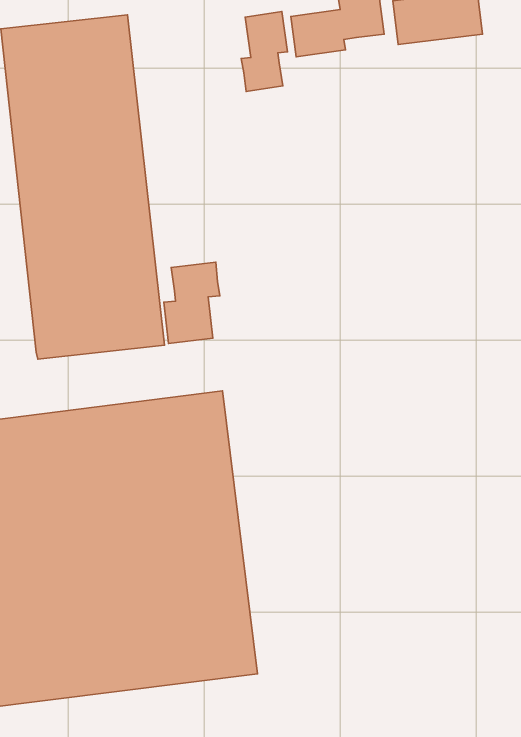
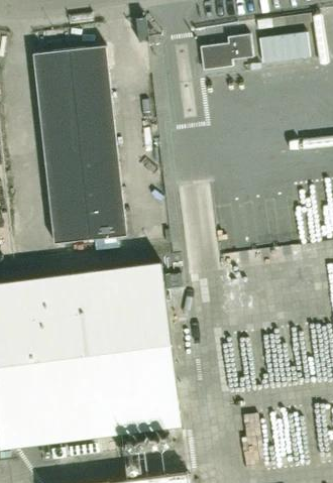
building: [241,11,287,91] -> none
building: [164,262,220,343] -> none

